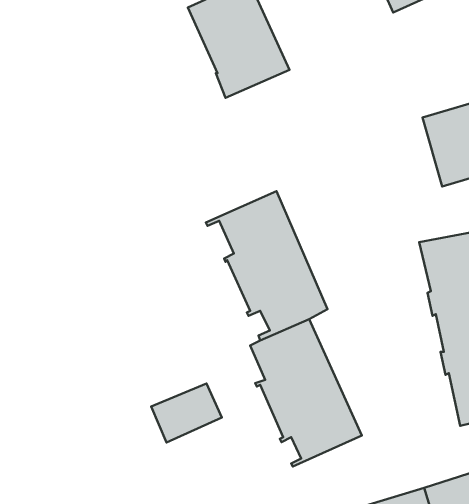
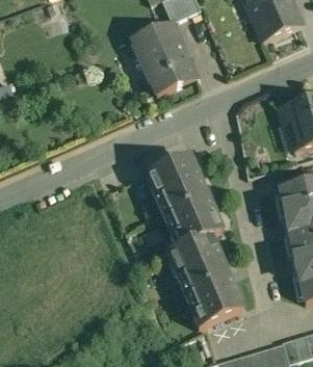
building: [151,384,222,443] -> none

